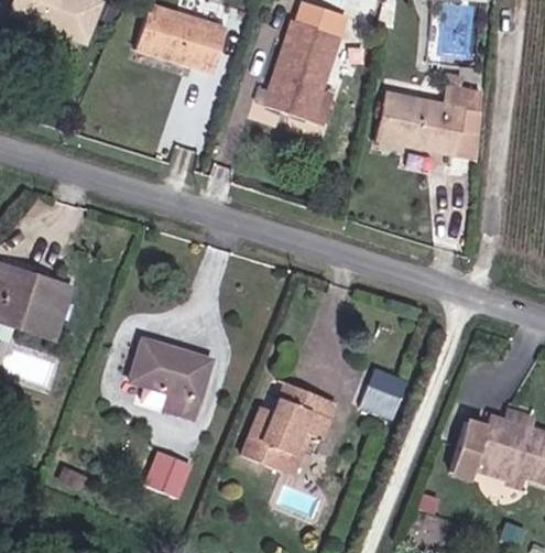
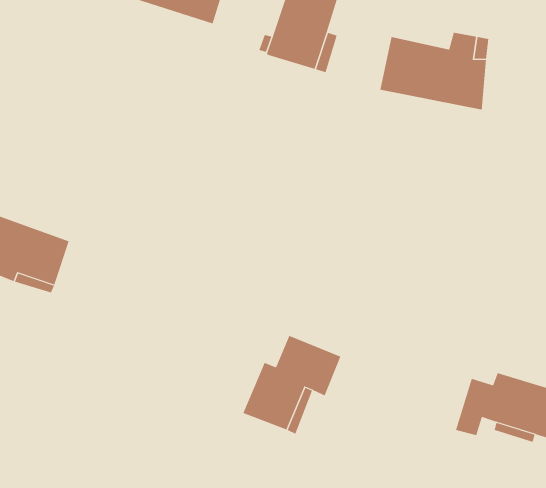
building: [130,339,211,418] -> none
building: [361,368,408,416] -> none
building: [145,451,193,499] -> none

